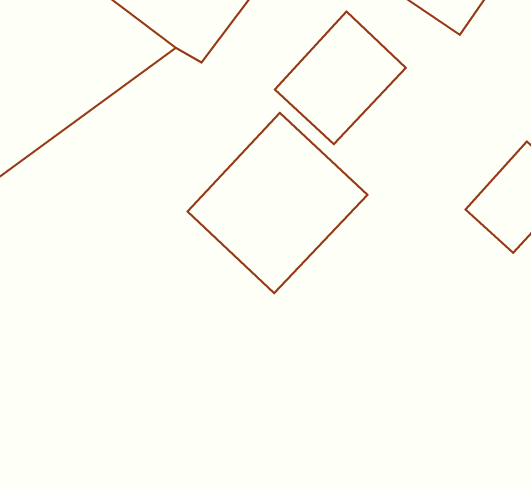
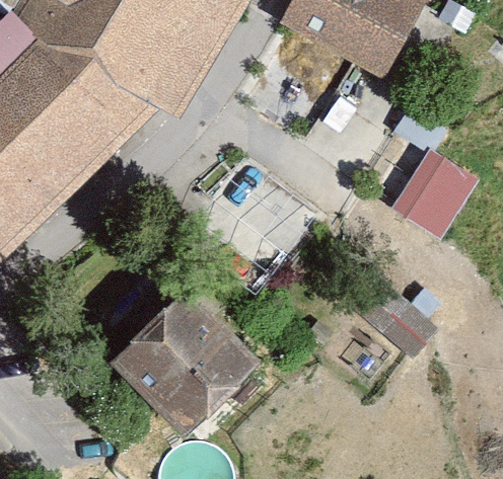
building: [275,12,406,144] -> none
building: none -> [104,282,260,436]

